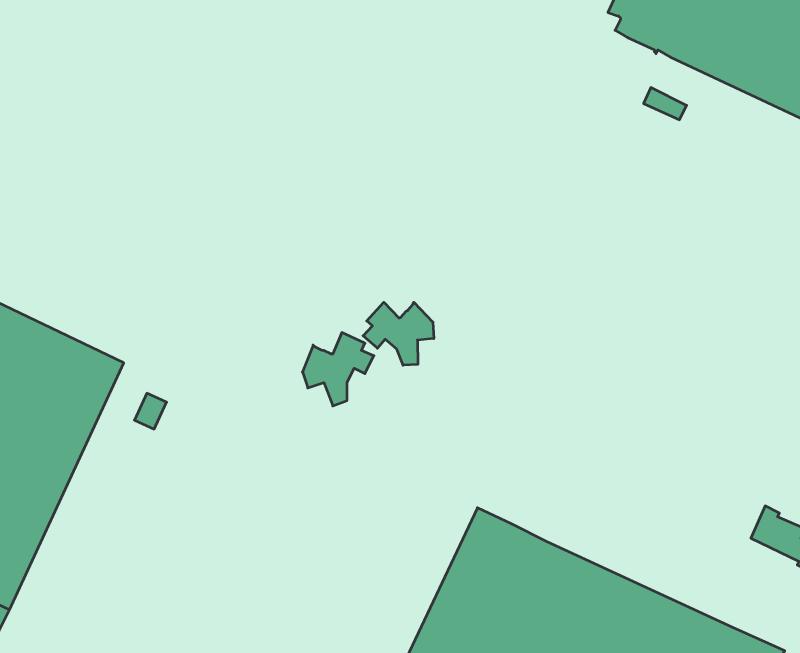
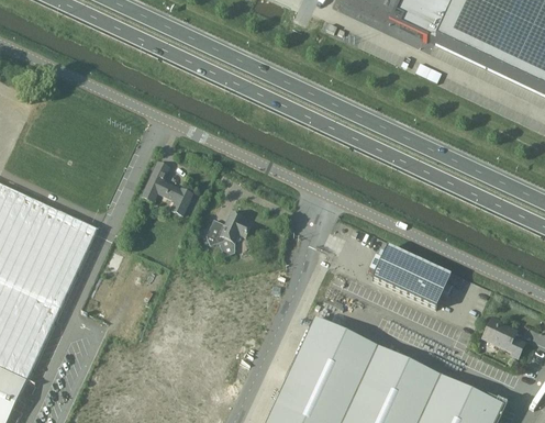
building: none -> [142,159,192,212]
building: [363,302,434,365] -> none
building: none -> [369,245,451,307]

